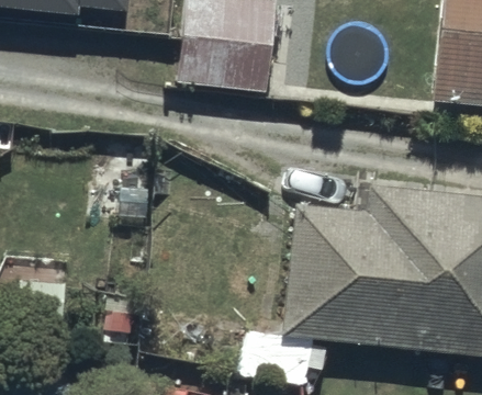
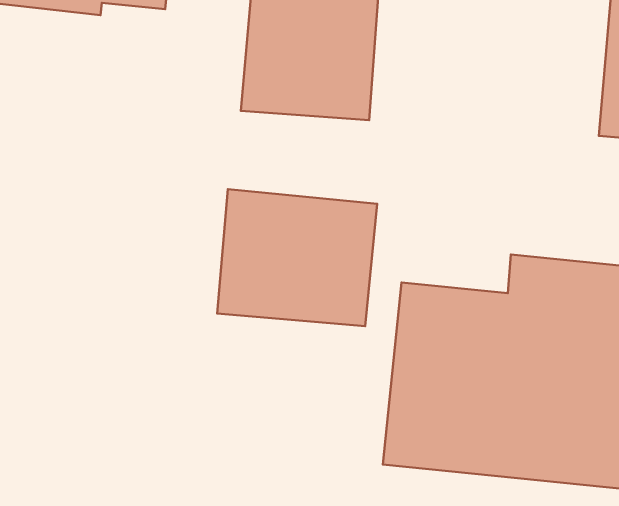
building: none -> [217,189,377,326]

